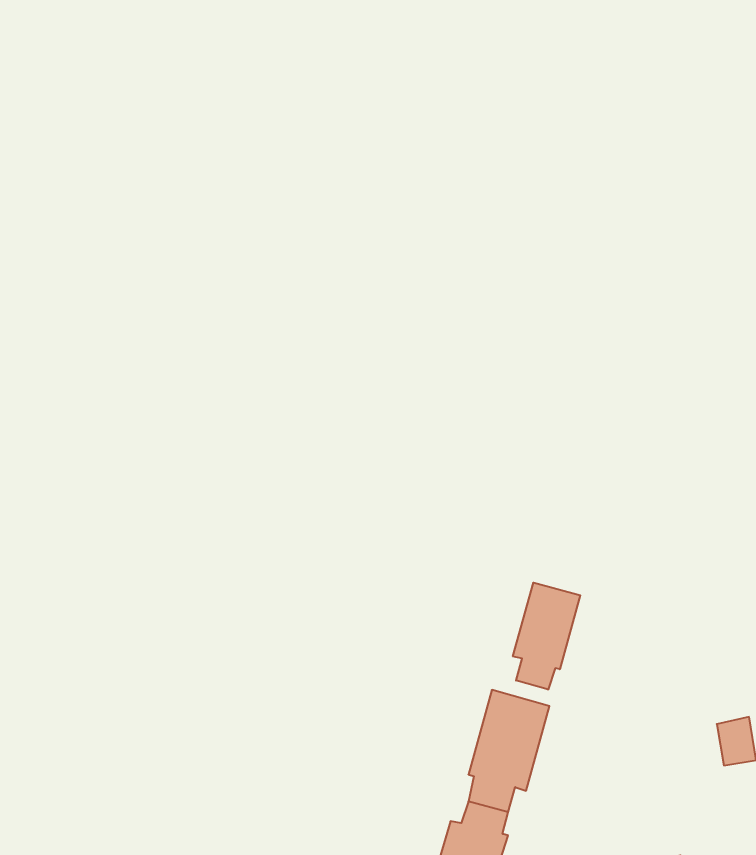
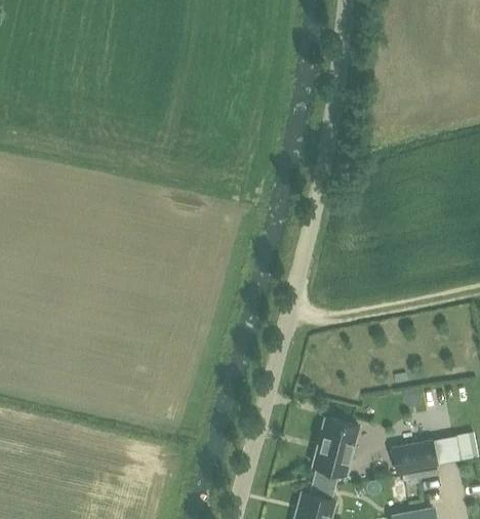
building: [513,583,580,690] -> none
building: none -> [393,440,437,472]

